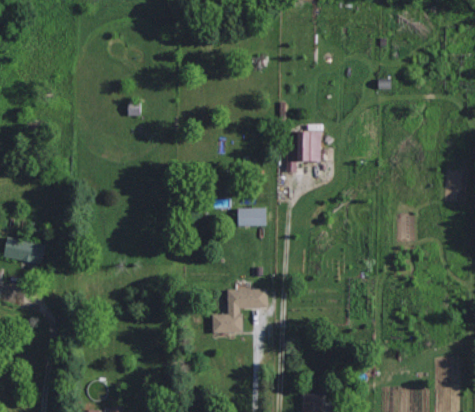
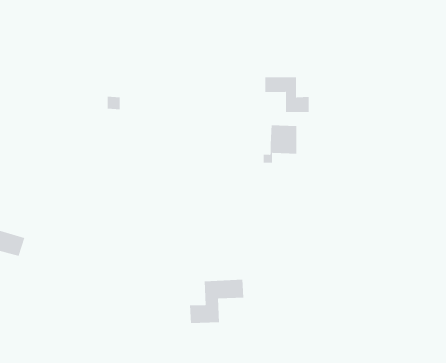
building: none -> [265,77,309,113]
building: [235,207,269,226] -> none

